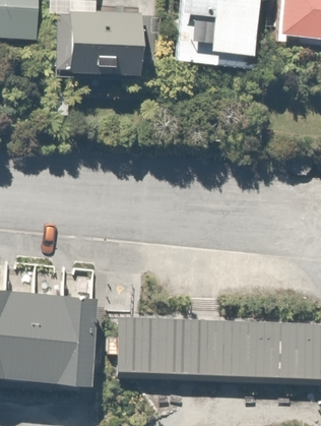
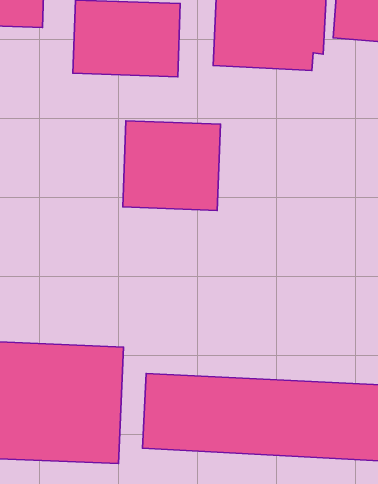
building: none -> [123,121,220,210]

